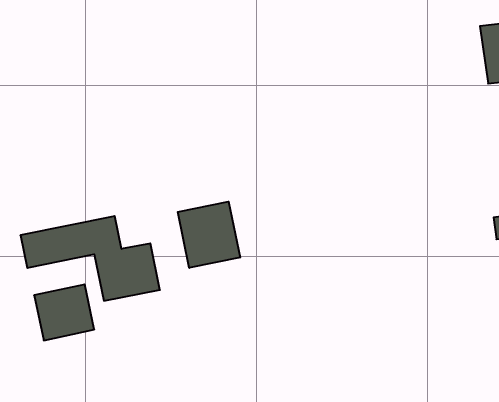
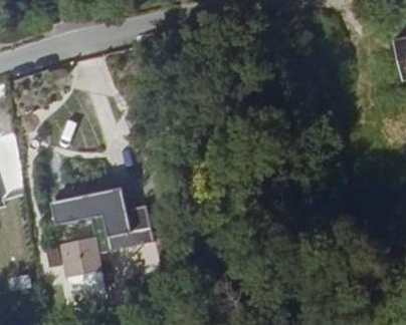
building: [178,202,240,268] -> none

